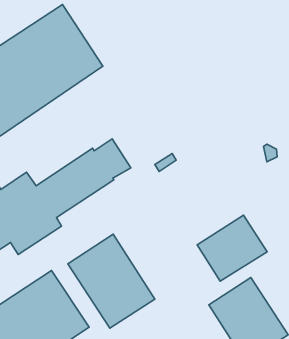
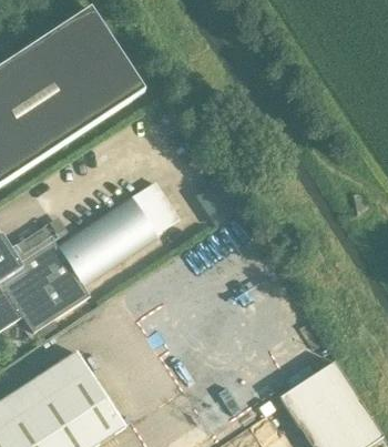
building: [197,215,267,281] -> none
building: [68,234,155,328] -> none

